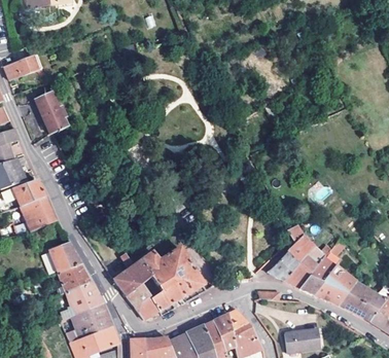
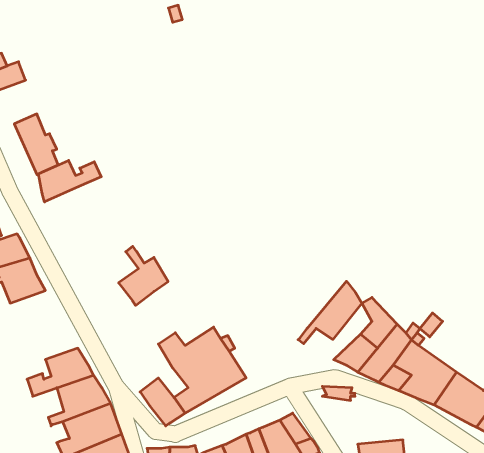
building: none -> [38,160,101,202]
building: none -> [298,281,362,344]
building: [47,244,80,272] -> none
building: [113,252,149,295] -> [119,246,168,305]

